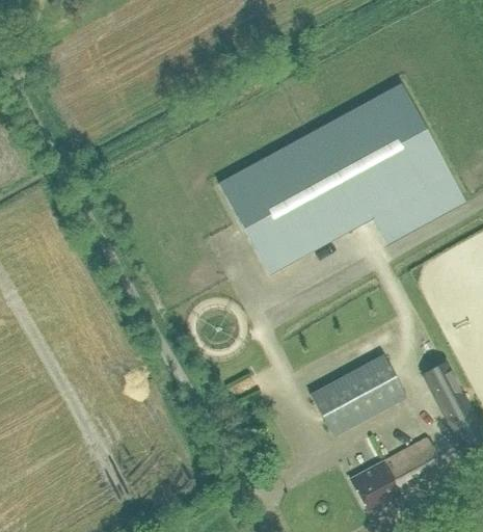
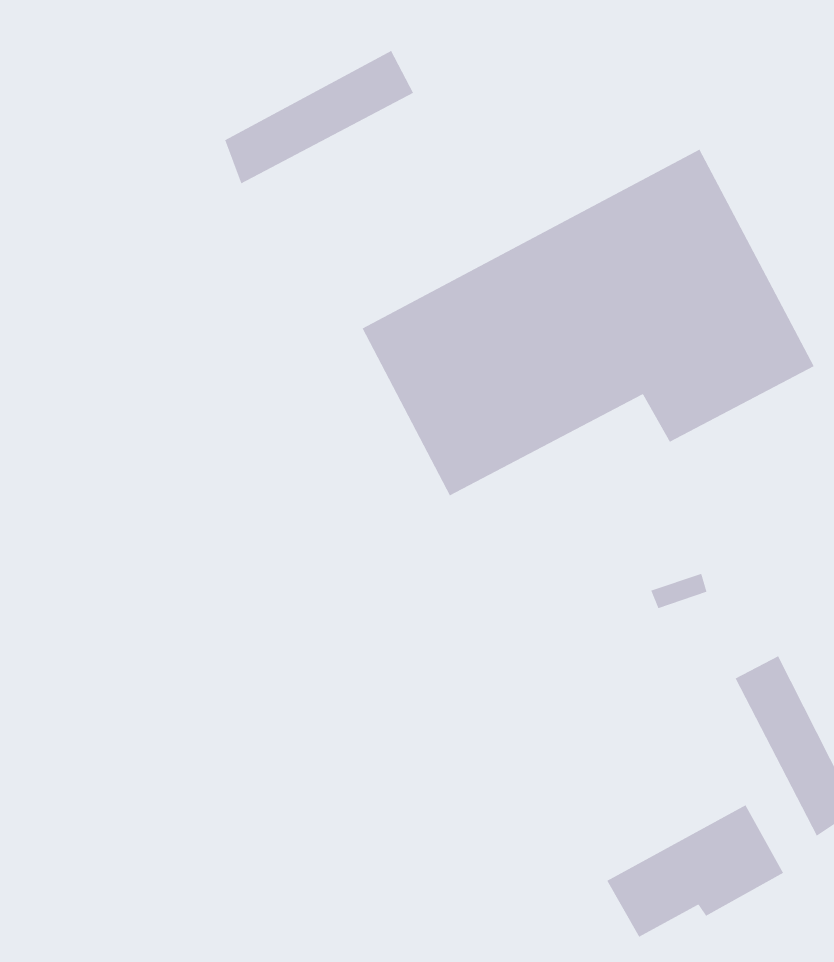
building: none -> [224,50,414,184]
building: [311,356,406,438] -> none

